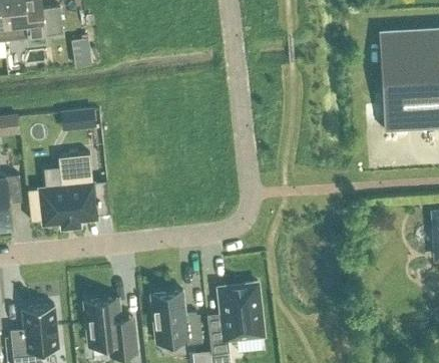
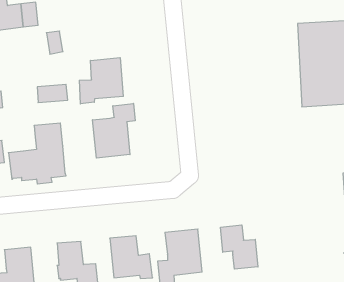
building: none -> [79,58,123,104]
building: none -> [93,103,135,158]
building: none -> [221,225,258,269]

